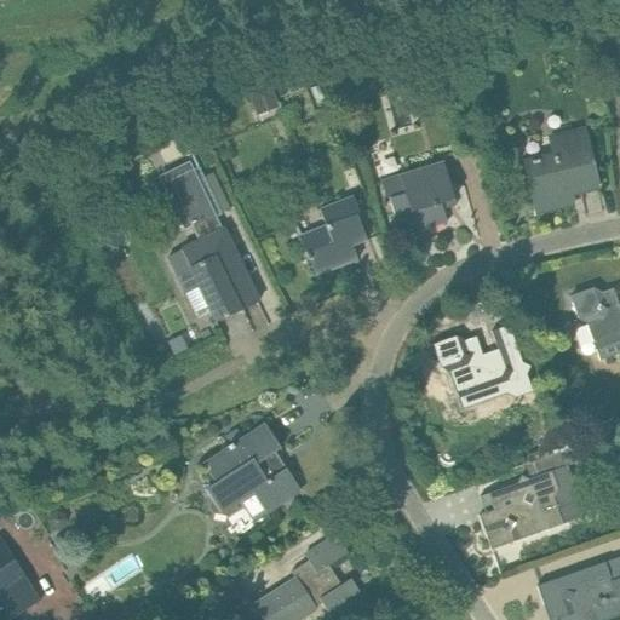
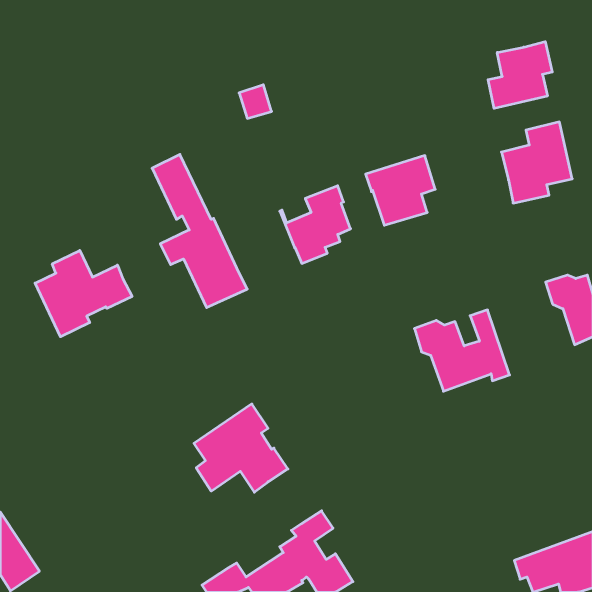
building: none -> [488,42,552,108]
building: none -> [35,250,132,337]
building: [480,450,584,549] -> none

